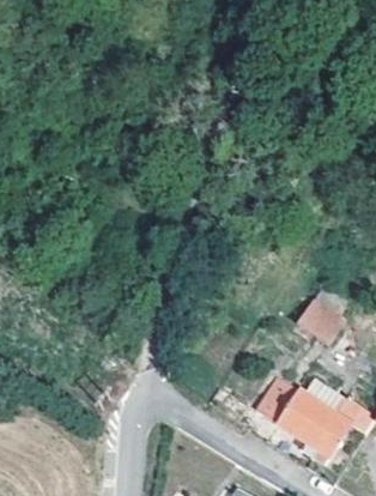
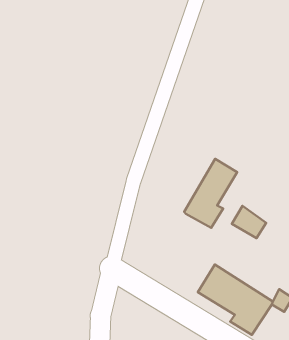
building: none -> [184,159,237,228]

